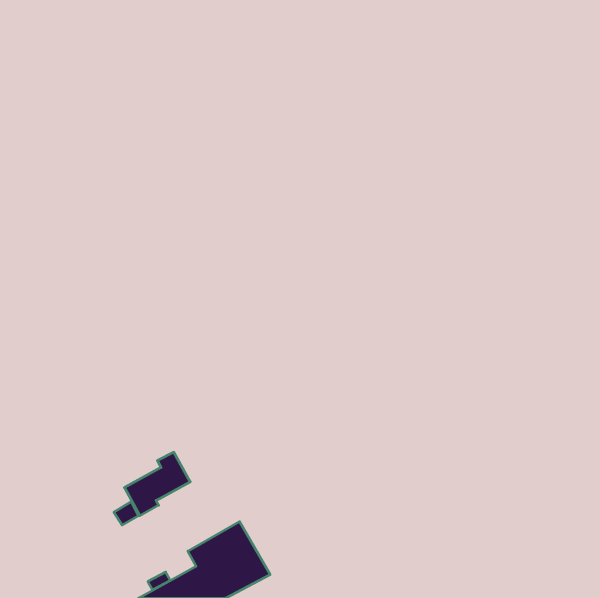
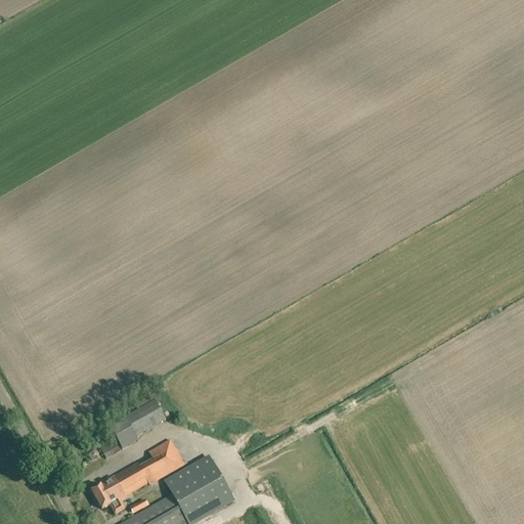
building: none -> [91,439,183,513]

